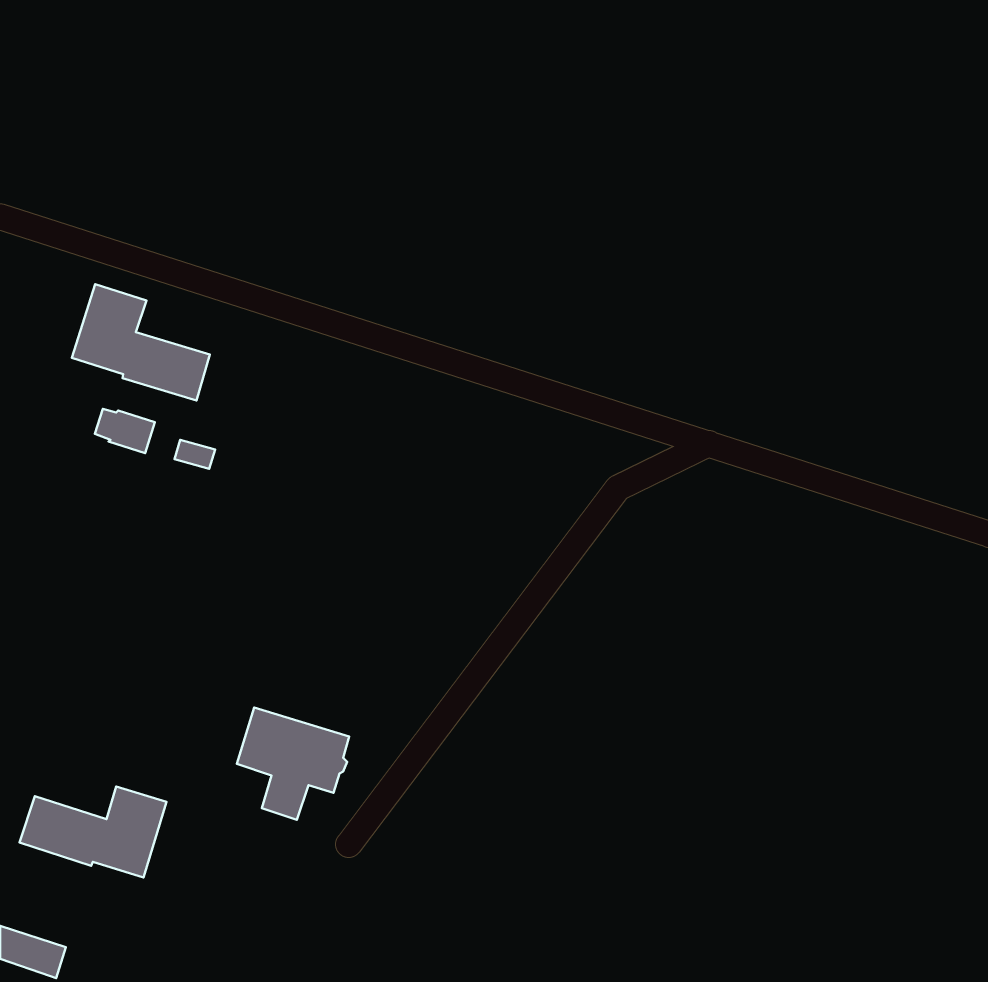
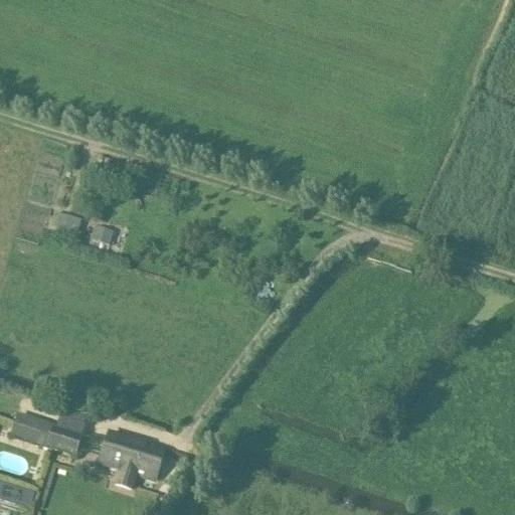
building: [72,284,210,400] -> none
building: [237,708,349,820] -> [101,432,159,490]

